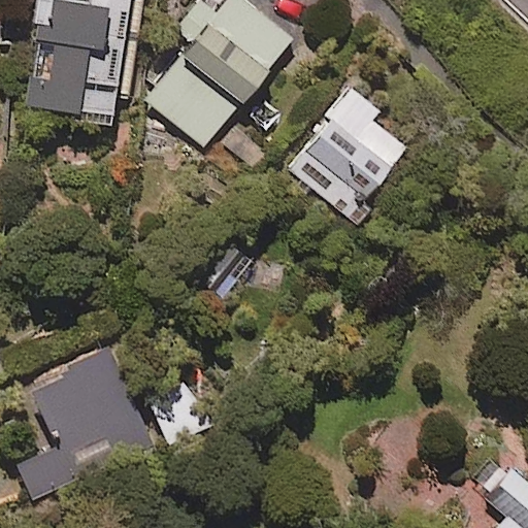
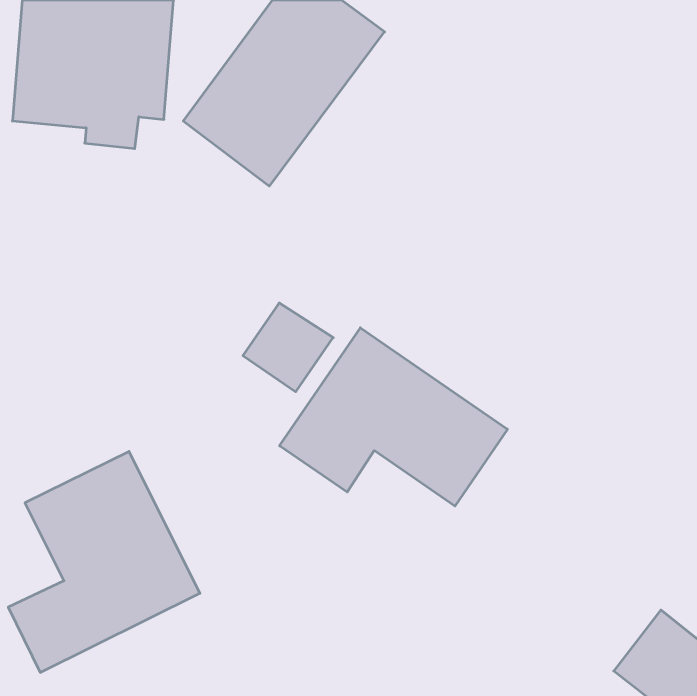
building: [285,84,405,218] -> none
building: none -> [280,328,507,506]

